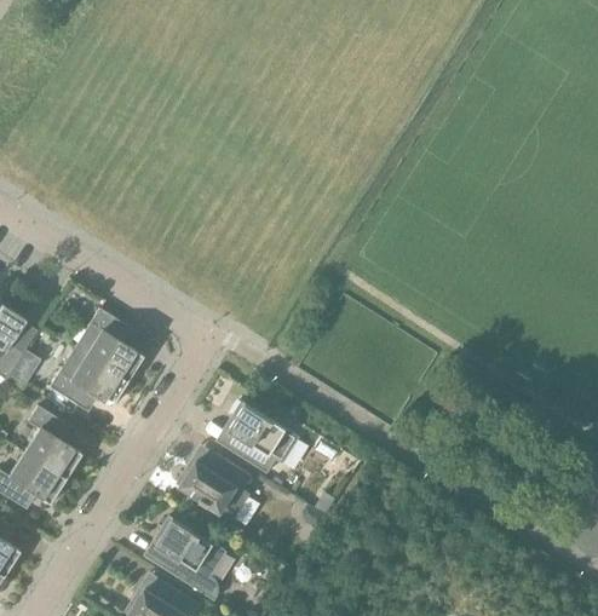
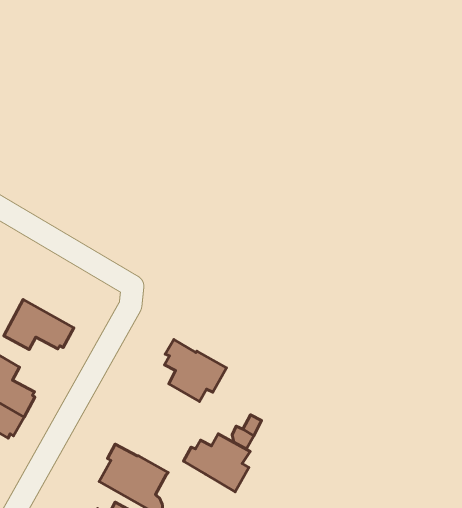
building: [73,310,142,384] -> none
building: [176,456,252,523] -> [183,434,250,492]

